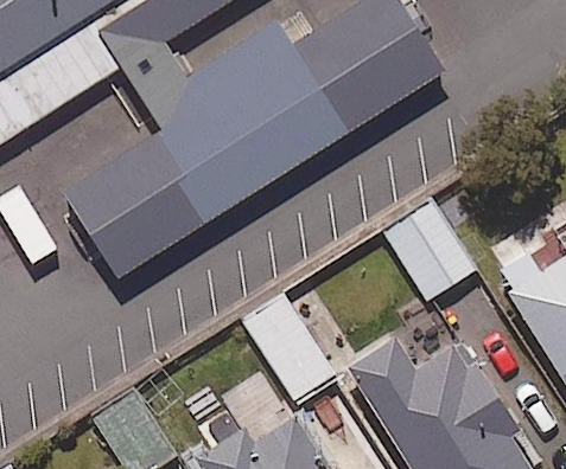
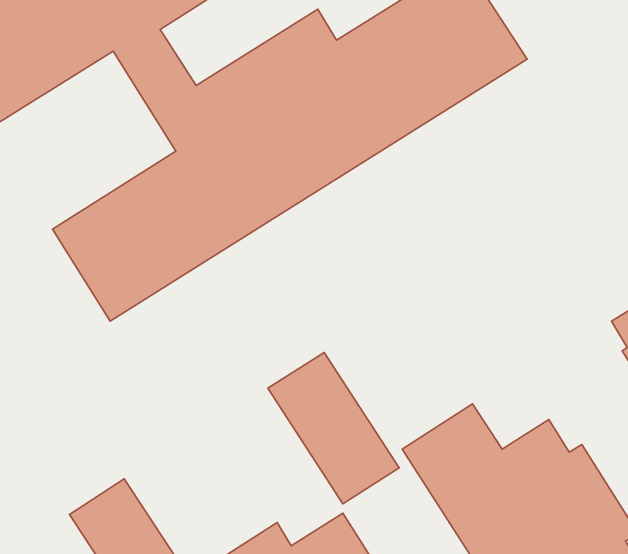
building: [380,198,476,301] -> none

